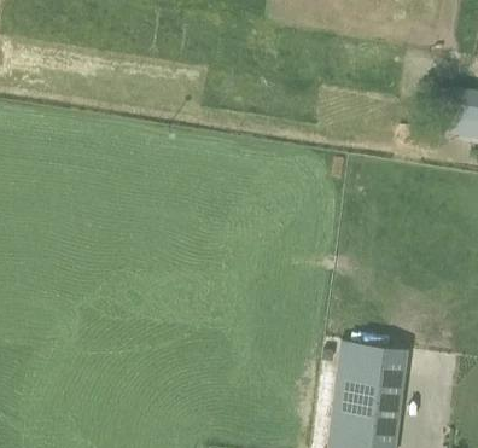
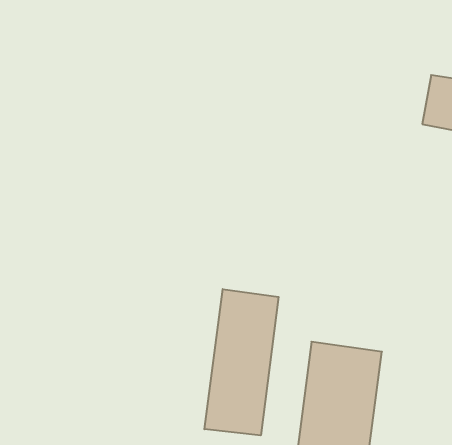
building: none -> [204,289,279,435]

